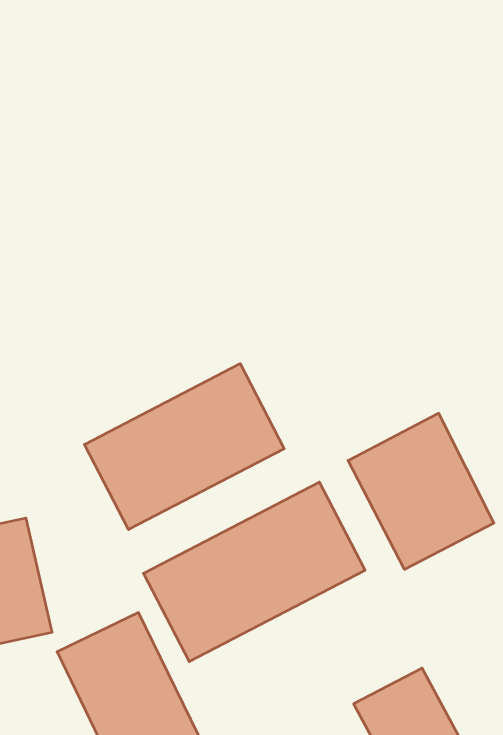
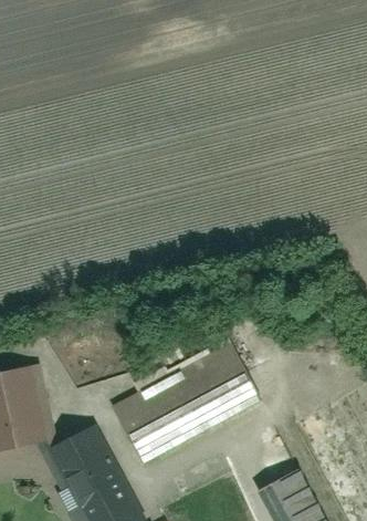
building: [84,364,284,530] -> none
building: [348,413,494,569] -> none

